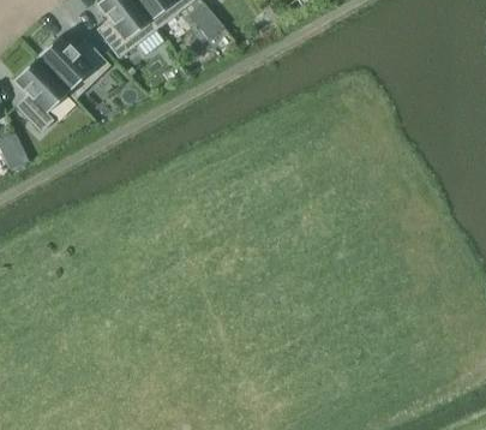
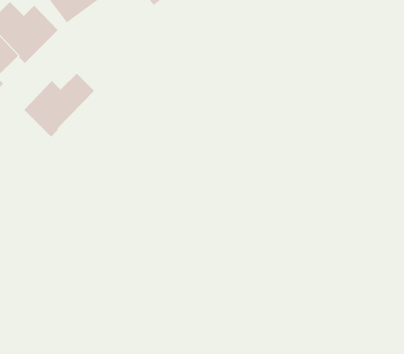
building: none -> [24,73,95,137]

